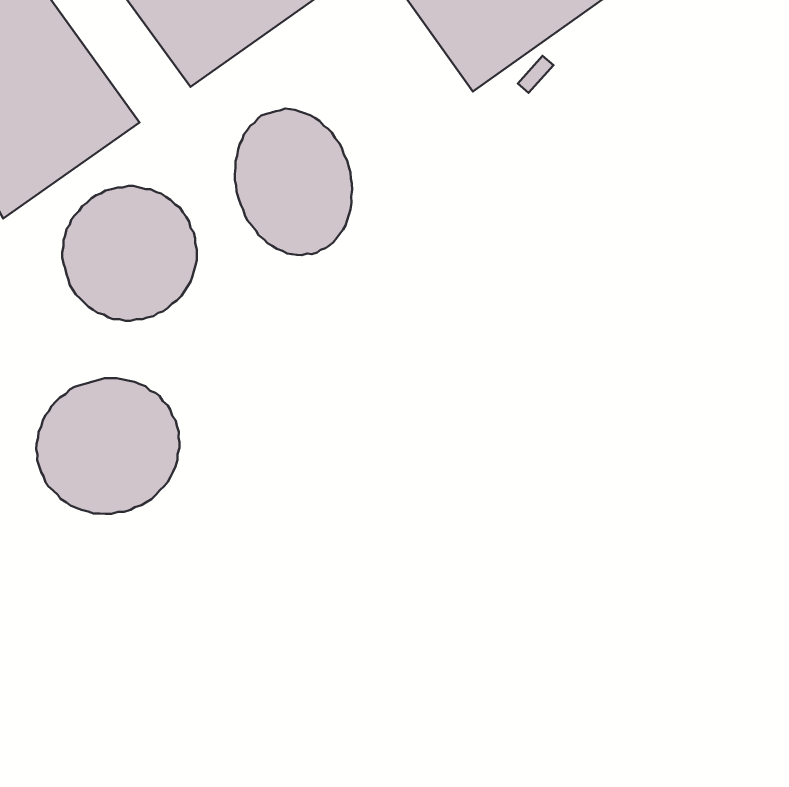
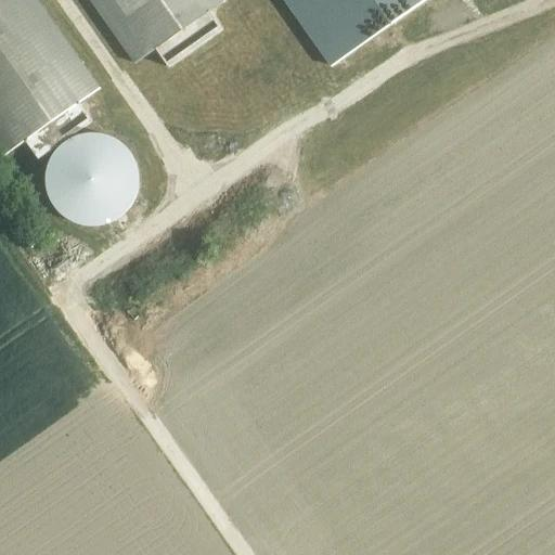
building: [235,109,352,255] -> none
building: [36,378,180,514] -> none

